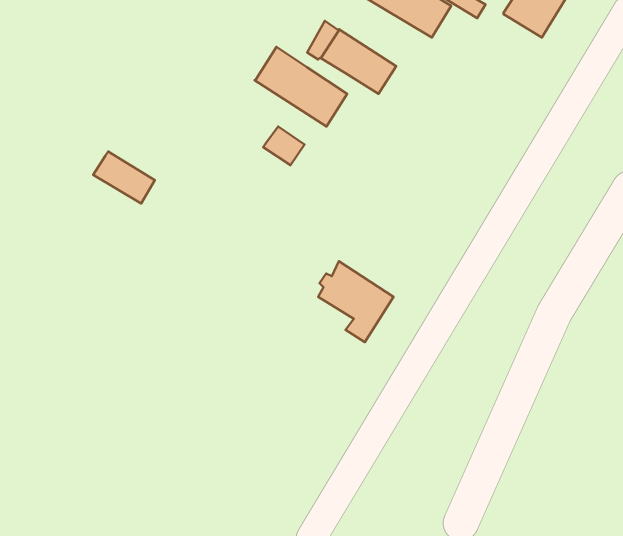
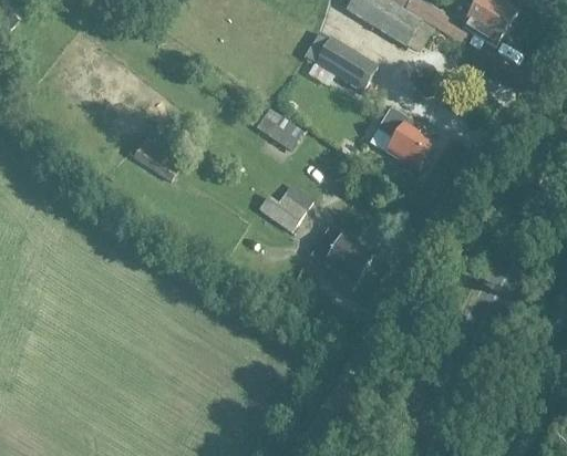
building: [254,47,347,127] -> none
building: none -> [378,106,435,168]
building: none -> [260,185,313,230]

